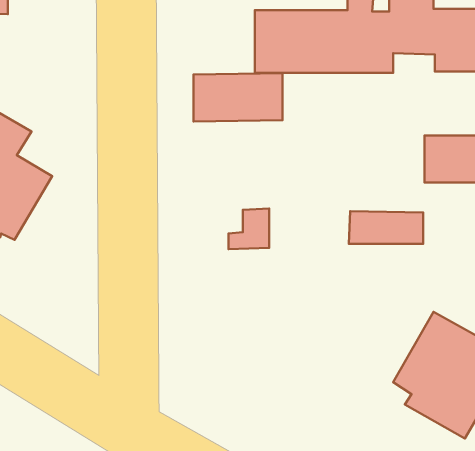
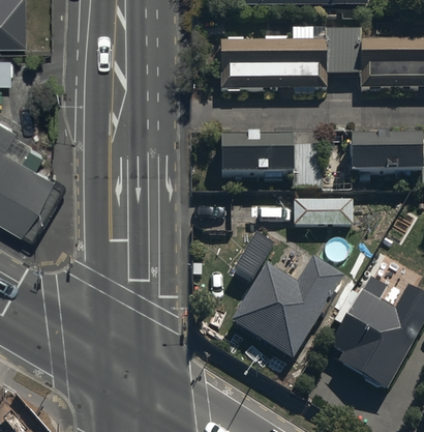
building: [194,73,282,122] -> [223,140,294,178]
building: none -> [232,258,345,361]

